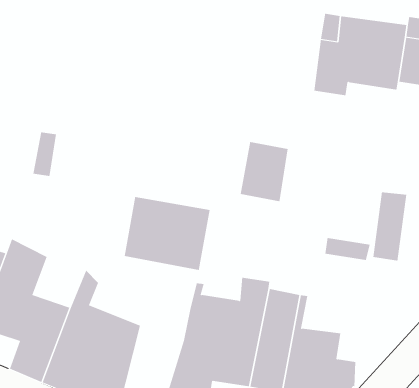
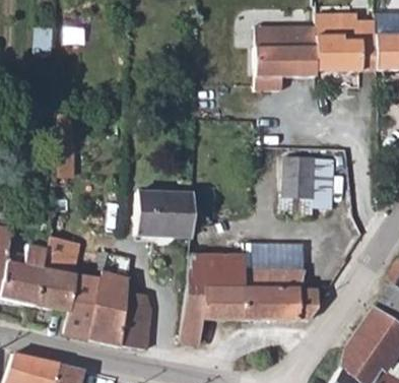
building: [240,141,289,202] -> [283,156,314,197]

